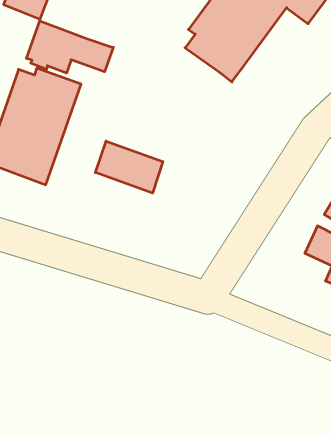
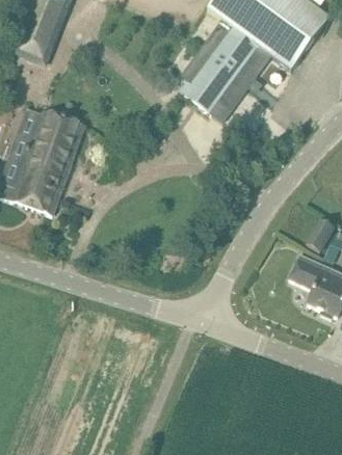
building: [26,21,113,73] -> none
building: [95,141,163,193] -> none

